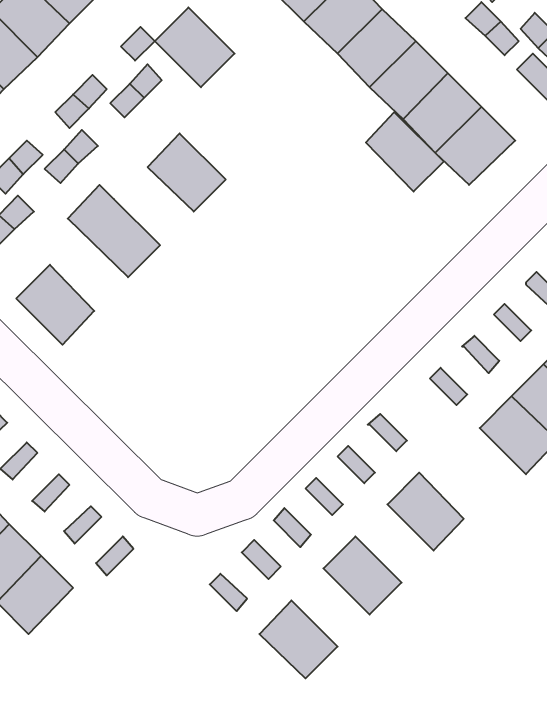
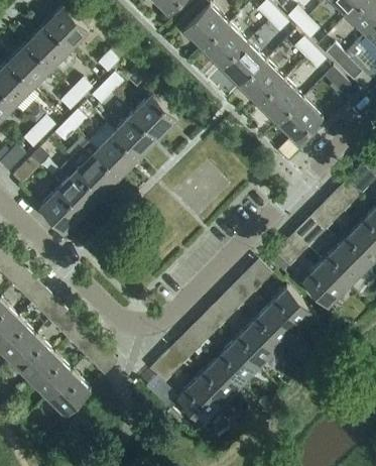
building: [155,7,235,87] -> [132,95,177,140]
building: [366,112,444,192] -> none
building: none -> [95,133,140,178]
building: none -> [58,162,103,215]
building: none -> [268,288,312,333]
building: none -> [232,325,276,369]
building: none -> [196,361,240,405]
building: none -> [46,372,91,417]

